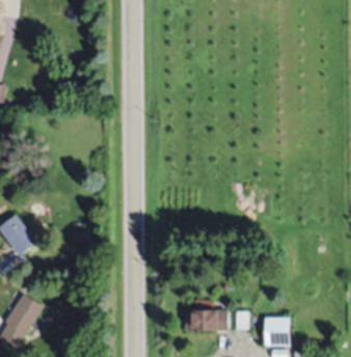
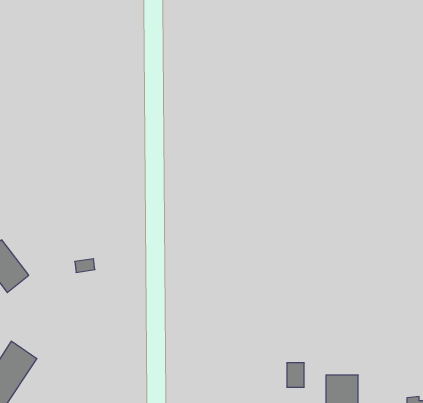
building: [186,309,228,330] -> none

